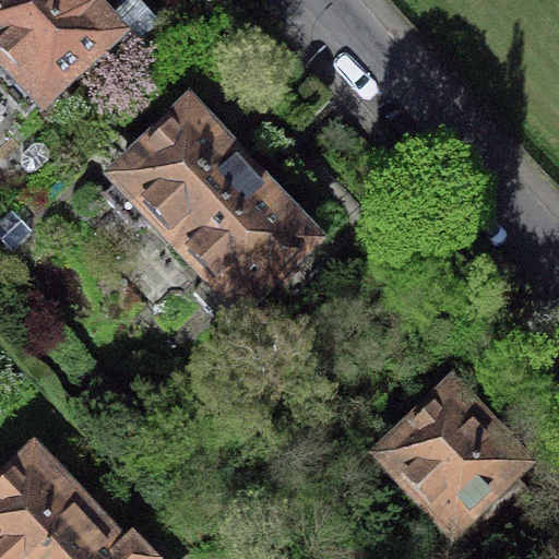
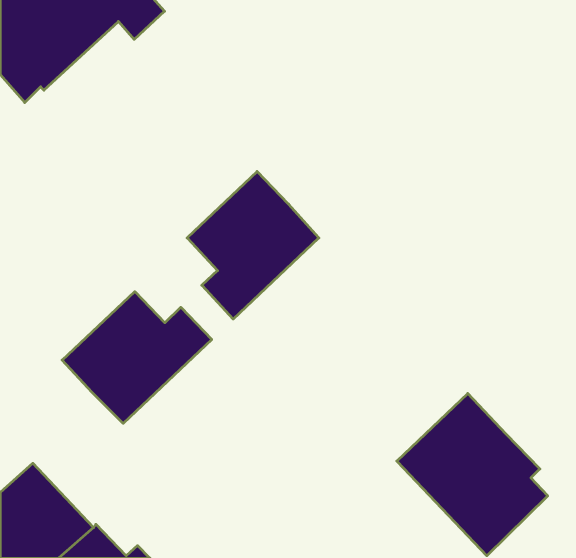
building: [105,103,249,230] -> none
building: none -> [62,292,212,423]

